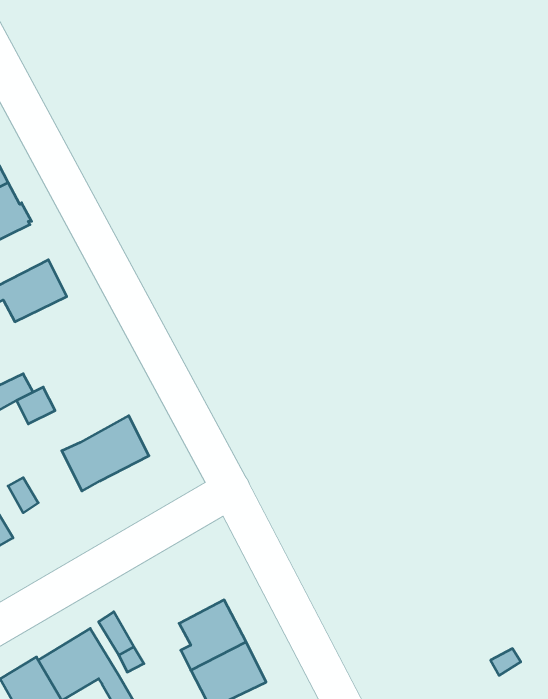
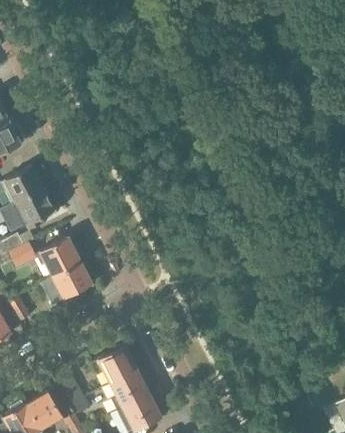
building: none -> [12,189,54,231]
building: none -> [39,237,80,276]
building: none -> [91,346,137,384]

